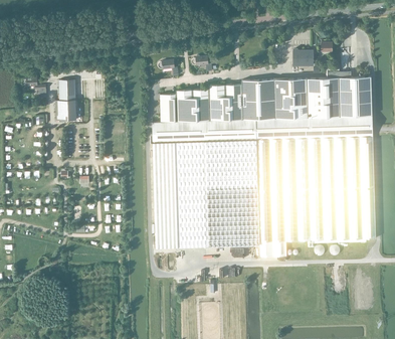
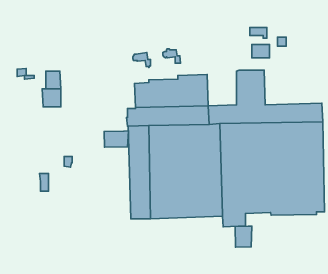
building: [307,72,372,119] -> none
building: [241,80,275,120] -> none
building: none -> [104,131,128,147]
building: none -> [235,226,252,247]

